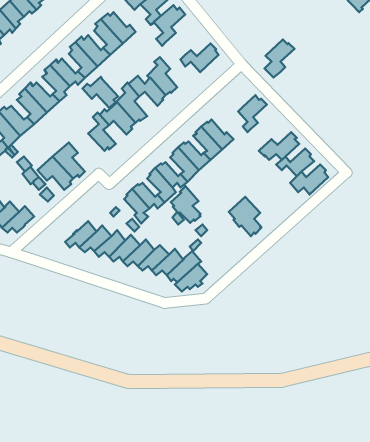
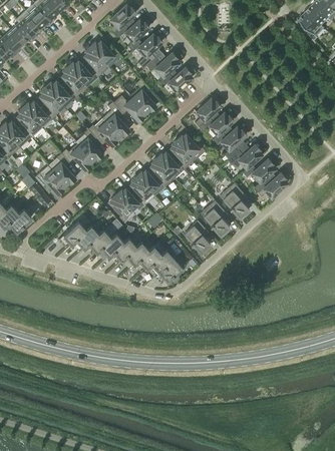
building: none -> [146,51,180,76]
building: [264,40,294,78] -> [196,97,222,130]
building: [83,77,118,108] -> [62,142,93,169]
building: none -> [221,125,247,158]
building: none -> [221,181,249,216]
building: [171,186,201,223] -> [185,218,211,251]

